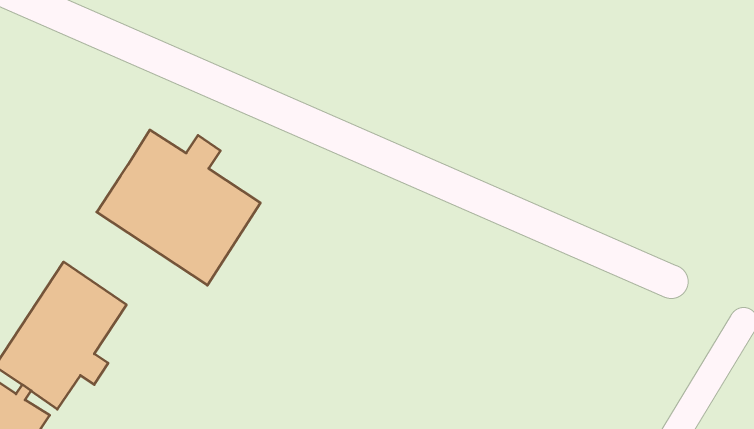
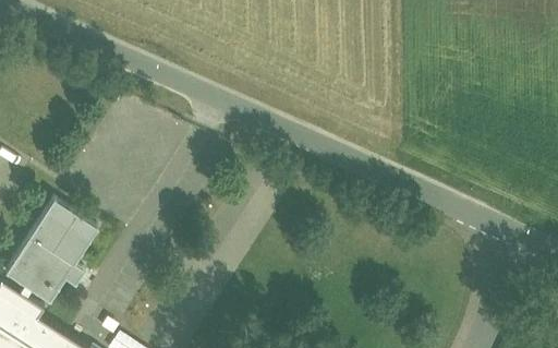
building: [97,130,260,285] -> none

